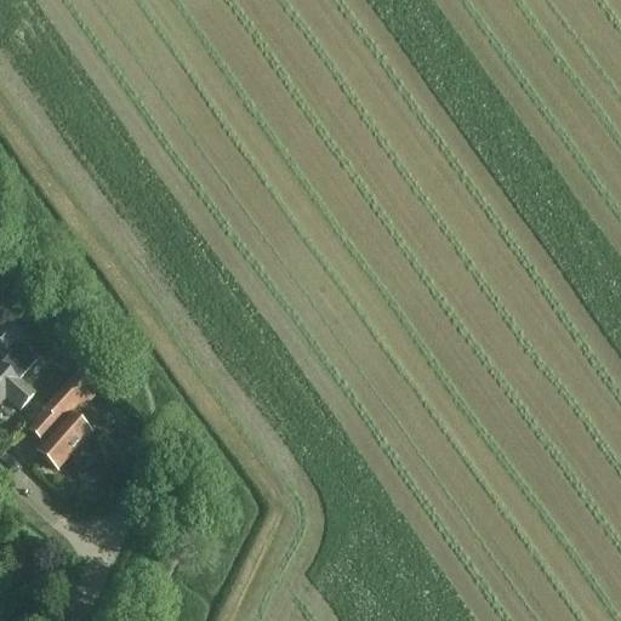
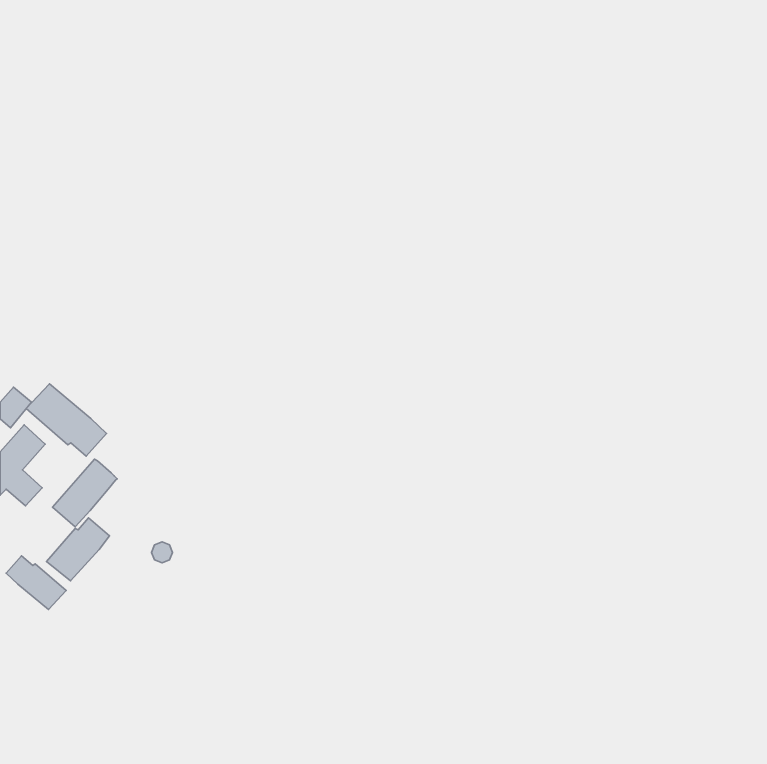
building: none -> [26,384,106,456]
building: none -> [6,556,66,610]

